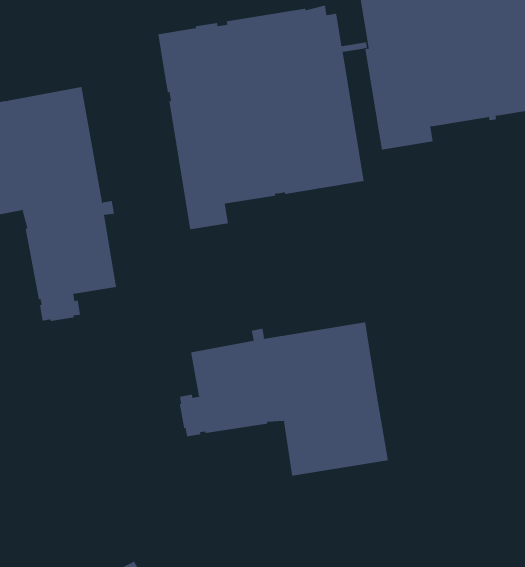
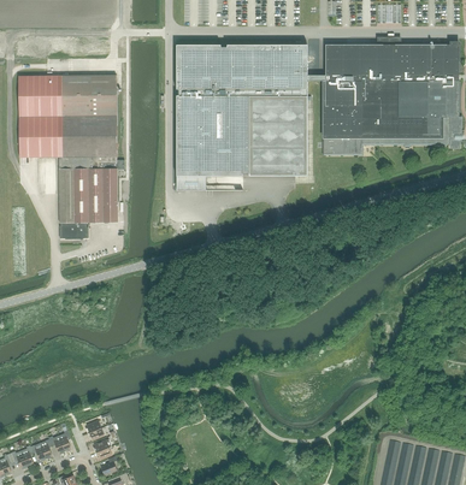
building: [179,322,389,477] -> none

